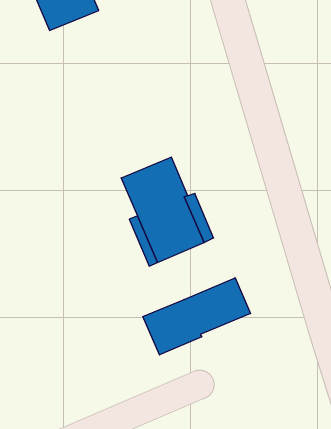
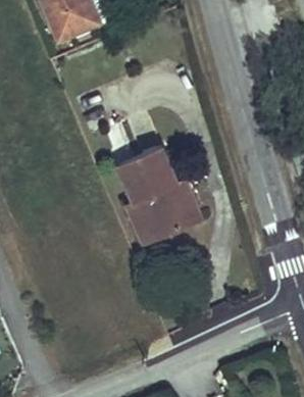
building: [143,278,250,355] -> none

